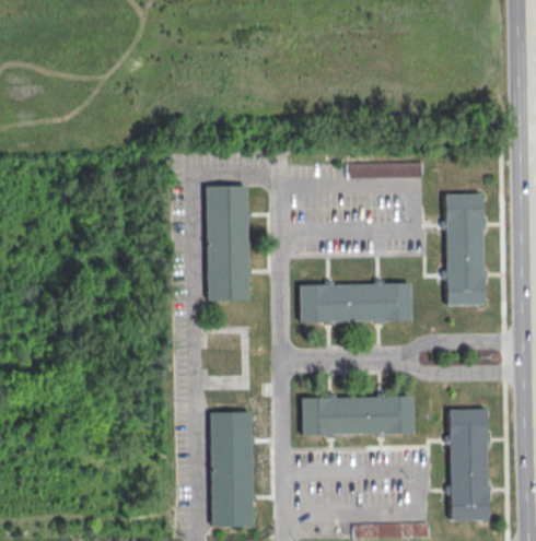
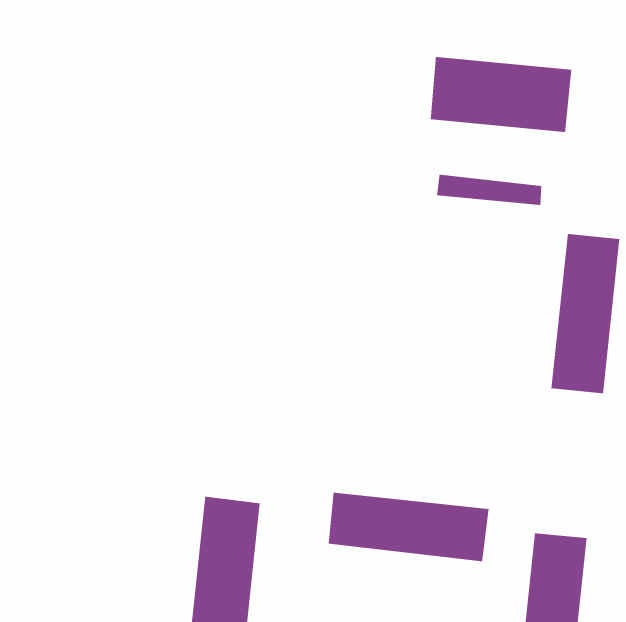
building: none -> [430,56,572,133]
building: [208,186,248,298] -> none
building: [299,282,411,321] -> none

